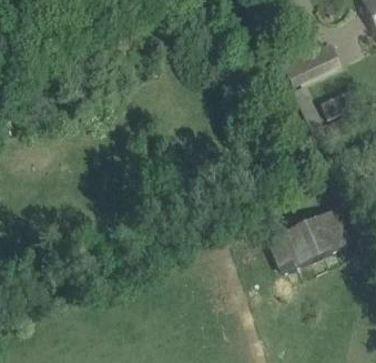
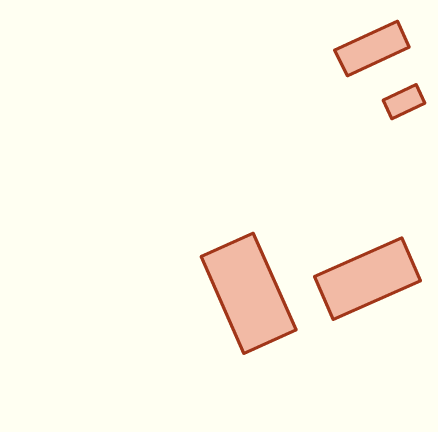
building: none -> [201,233,296,354]

